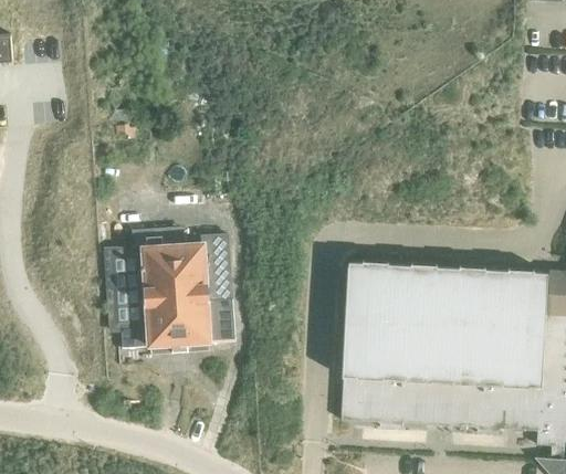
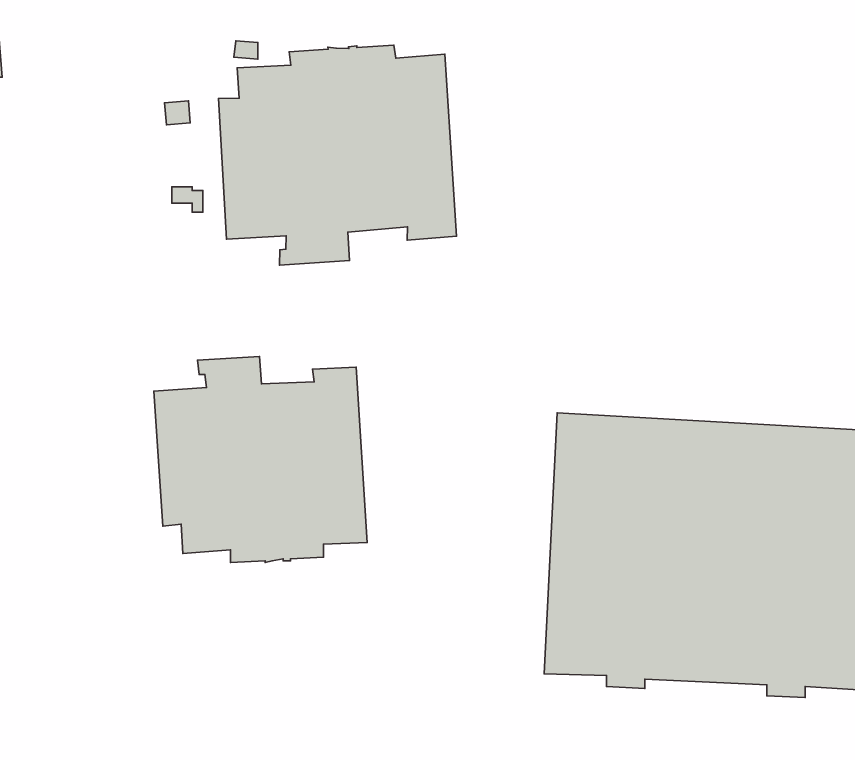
building: none -> [218,45,456,265]

